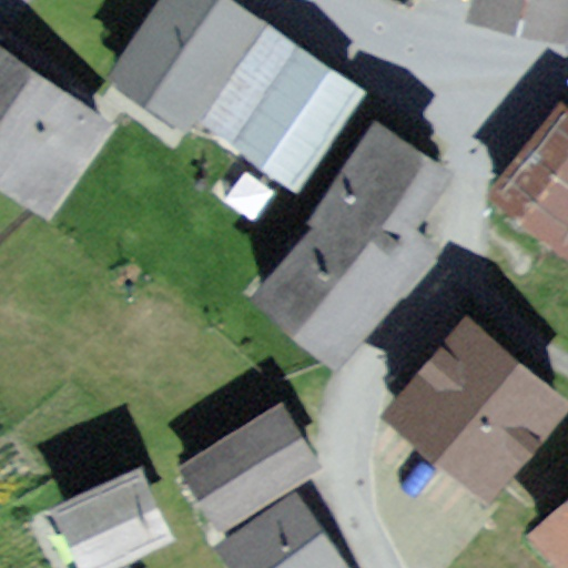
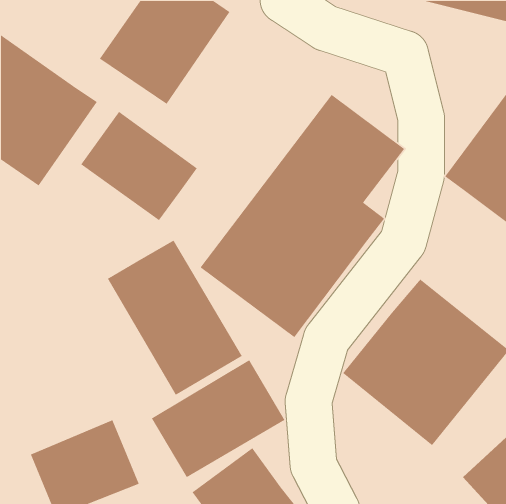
building: [202,24,357,182] -> none
building: none -> [80,111,198,221]
building: none -> [107,240,243,396]

